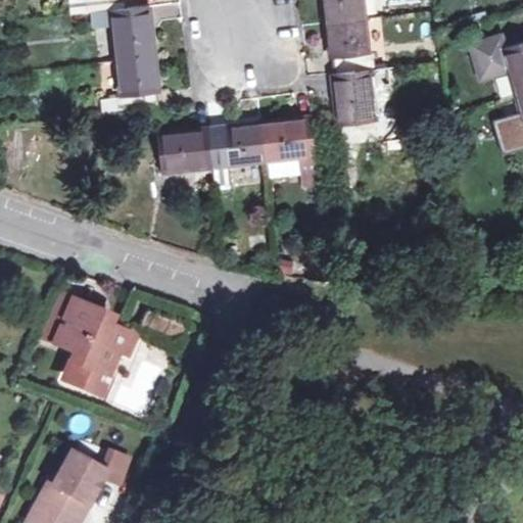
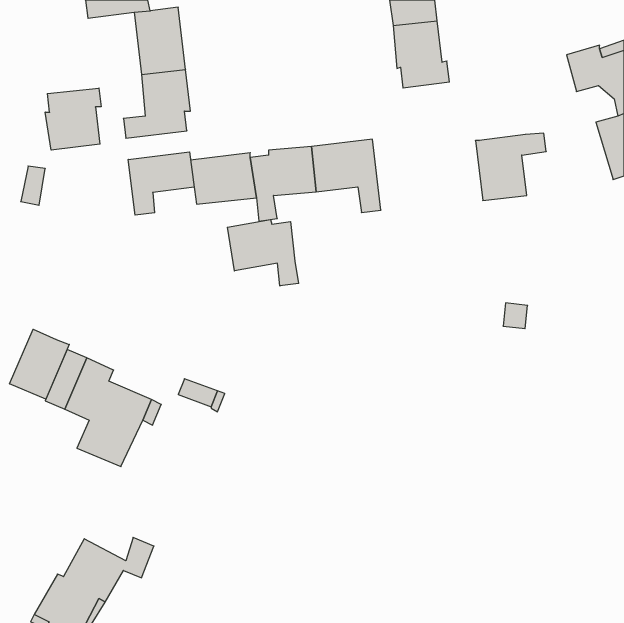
building: [334,68,393,125] -> [475,133,546,200]
building: none -> [45,88,101,150]
building: none -> [128,152,194,215]
building: none -> [227,220,299,286]
building: none -> [10,329,69,399]

